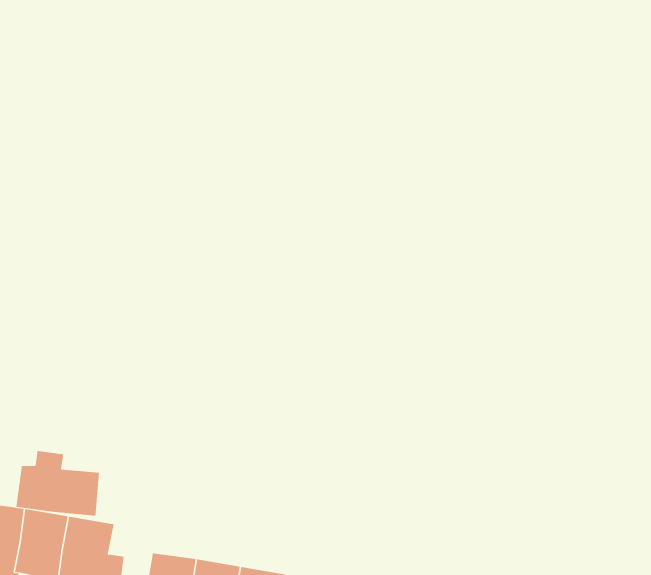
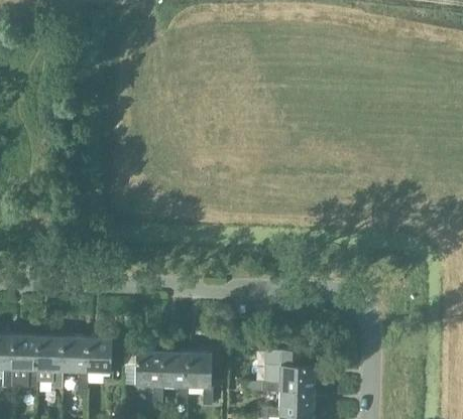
building: [16,450,99,516] -> none

